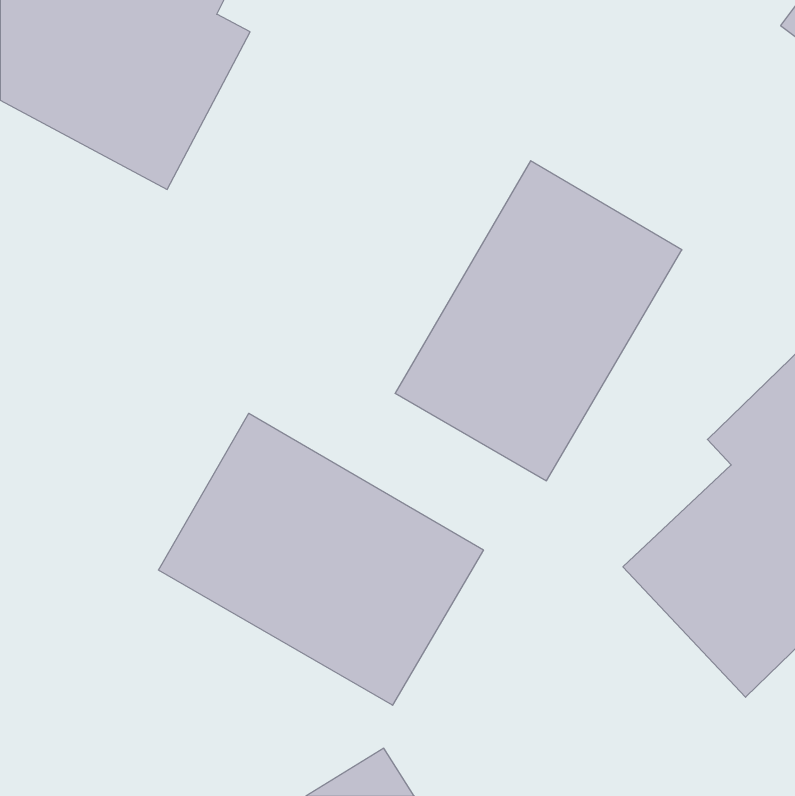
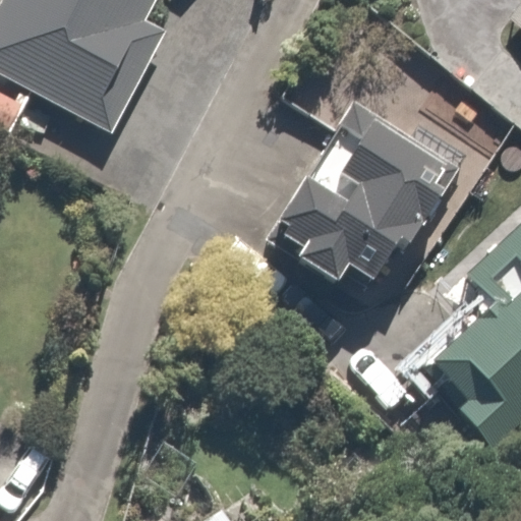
building: [158,413,483,705] -> none

